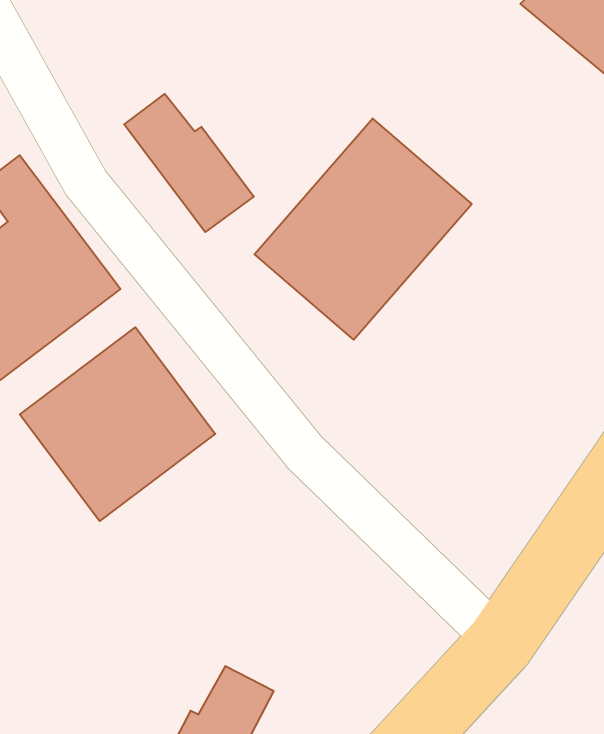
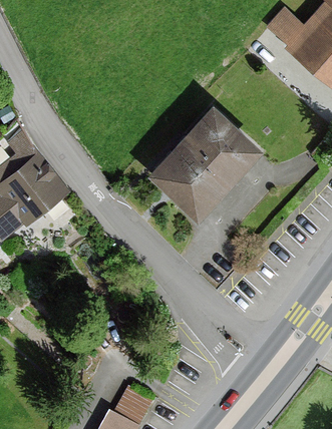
building: [124,94,254,232] -> none
building: [20,327,215,521] -> none

